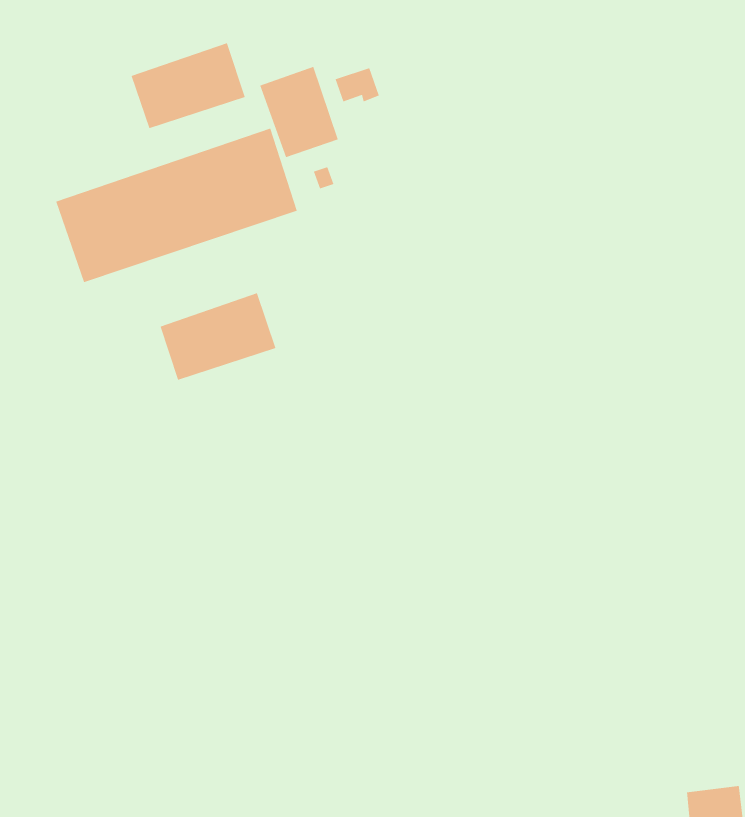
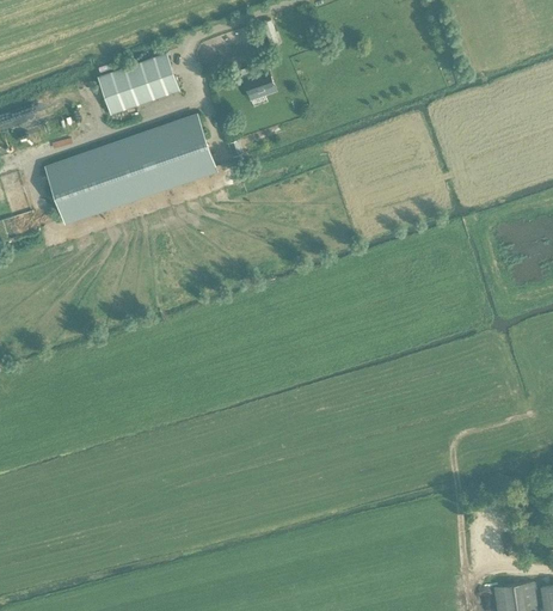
building: [259,66,339,158] -> none
building: [159,292,277,381] -> none

